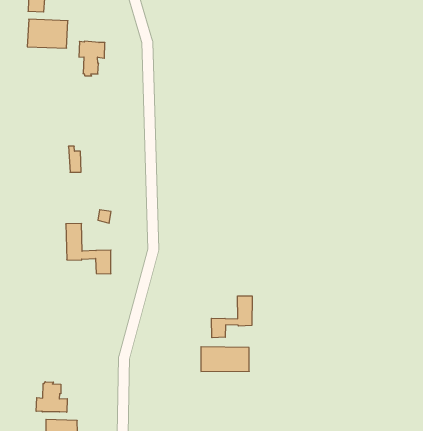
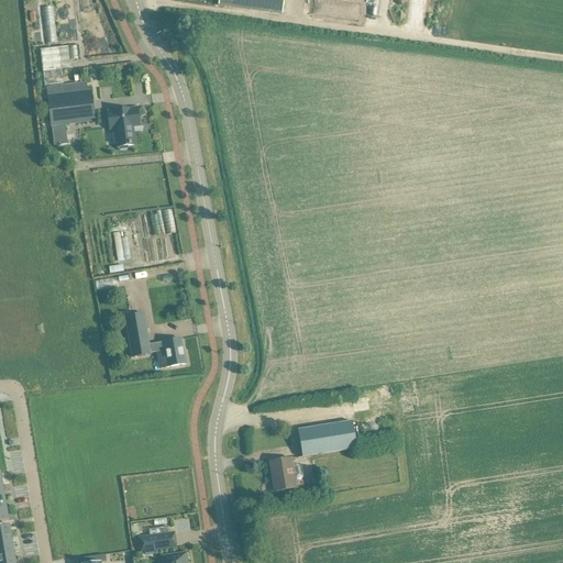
building: [212,296,252,338] -> none
building: none -> [269,455,296,488]
building: [36,382,67,412] -> none

